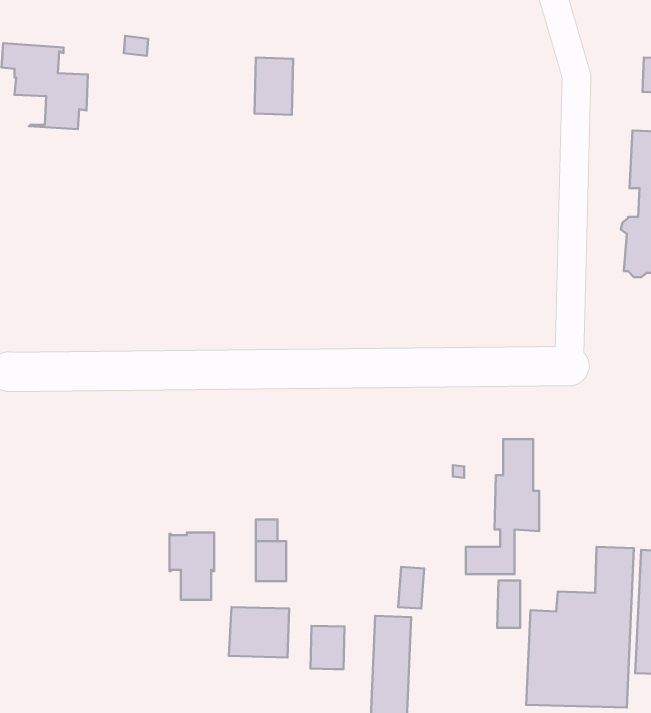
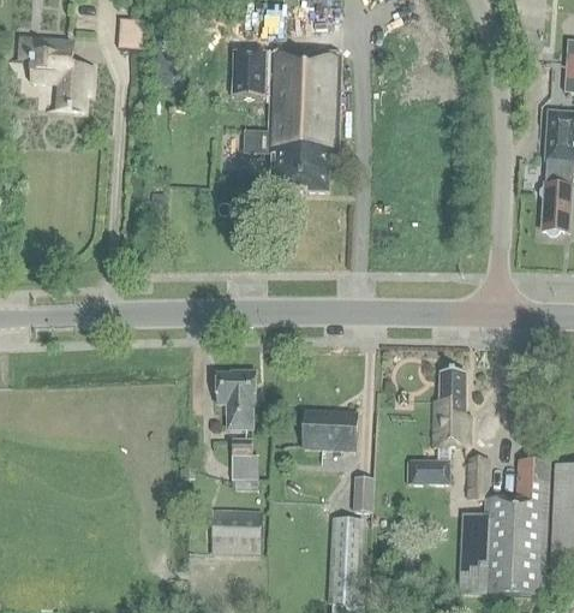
building: none -> [243,48,341,190]
building: none -> [303,409,357,447]
building: [169,532,214,600] -> [217,369,255,425]
building: [497,581,520,628] -> [467,456,486,495]
building: [311,626,344,669] -> none

